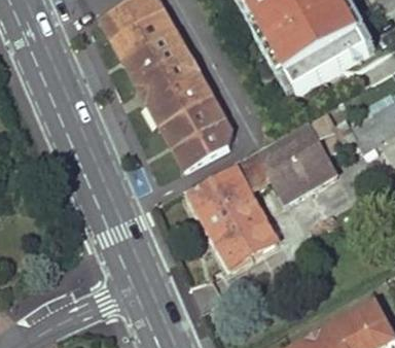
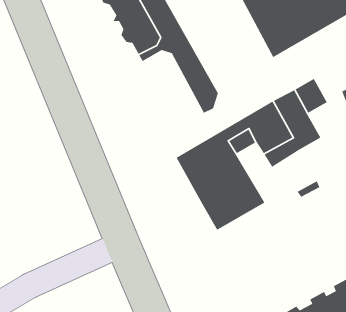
building: [156,85,217,164] -> none

